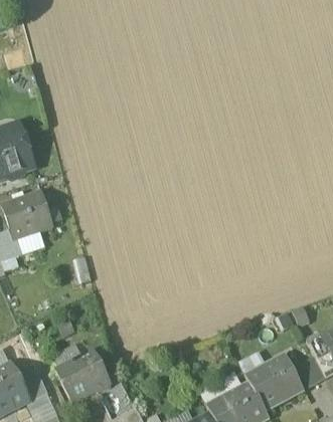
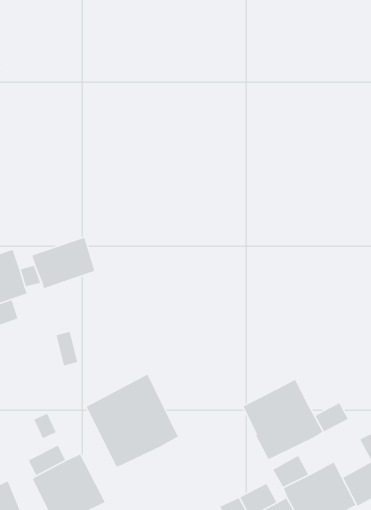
building: none -> [31,237,95,289]
building: none -> [86,374,179,467]
building: none -> [243,379,323,460]

